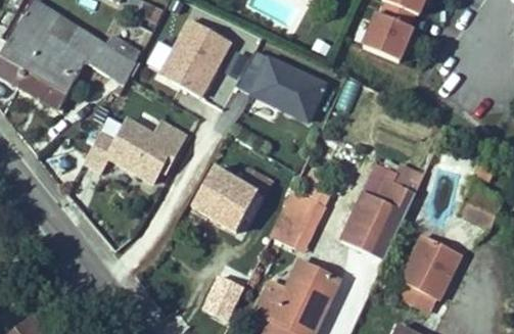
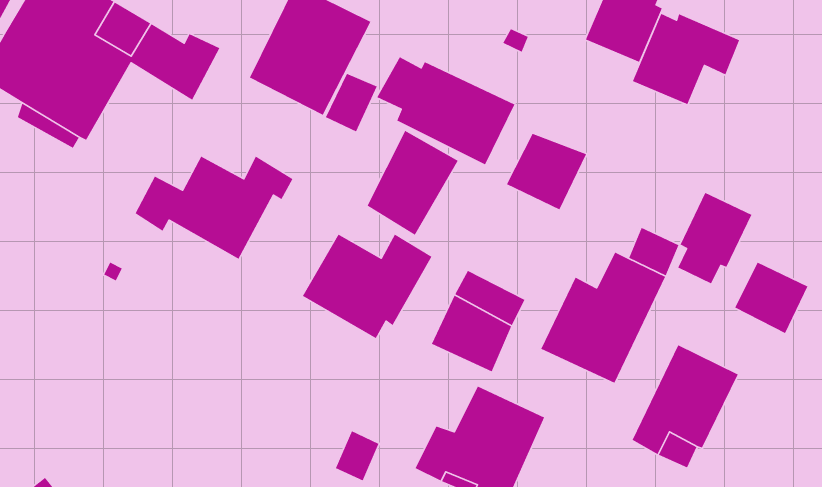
building: none -> [632,13,740,105]
building: none -> [367,130,459,236]
building: none -> [506,133,587,211]
building: none -> [677,192,752,285]

